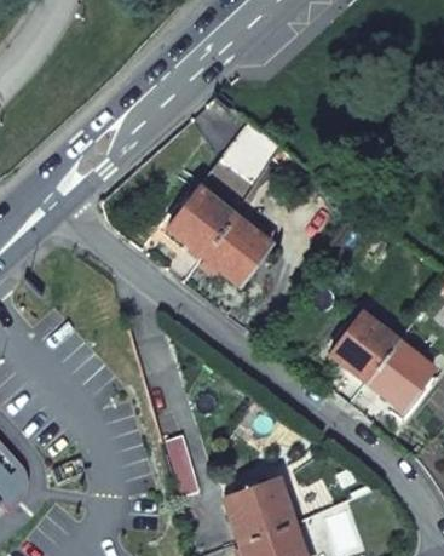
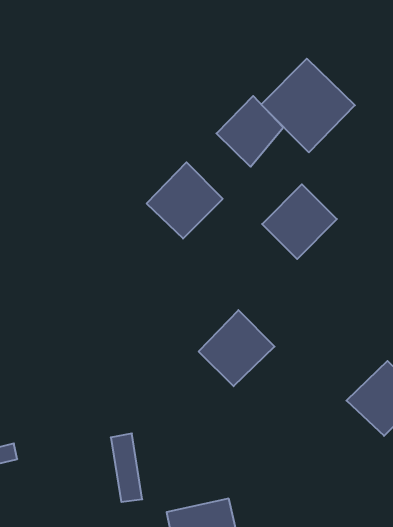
building: none -> [261,59,355,152]
building: [203,216,269,282] -> [262,184,337,259]
building: [331,311,398,379] -> [199,310,275,386]

